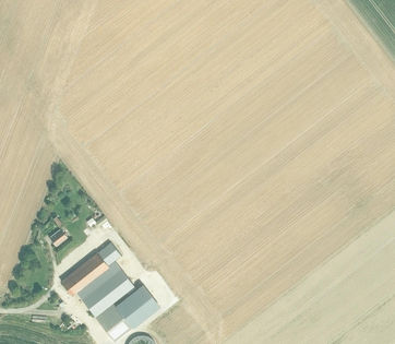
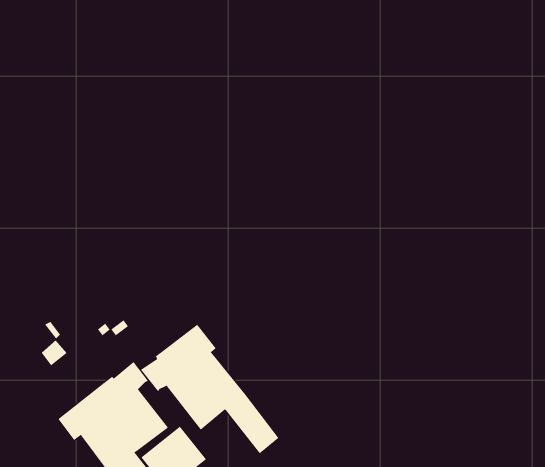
building: none -> [140,324,279,454]

